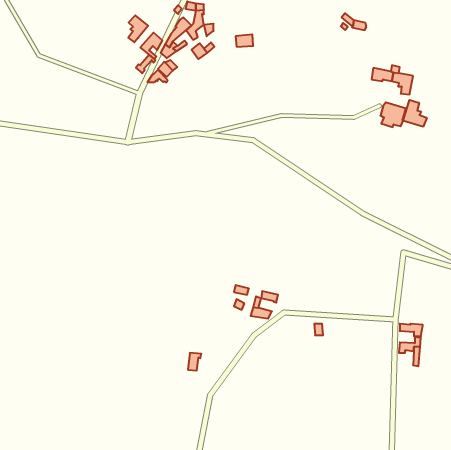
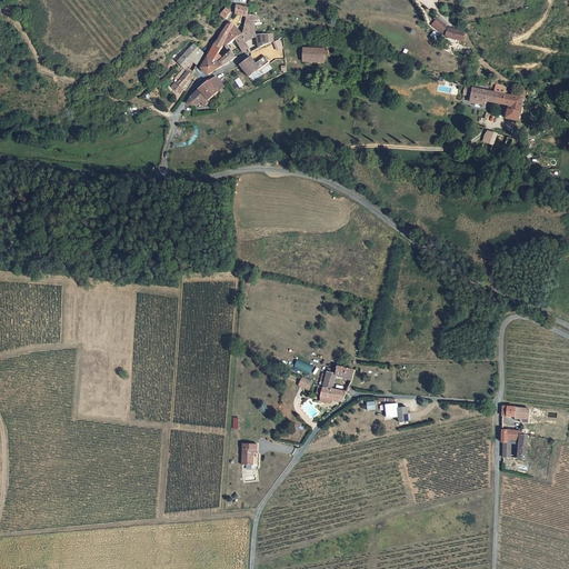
building: [128,15,148,42] -> none
building: [403,100,427,127] -> none

